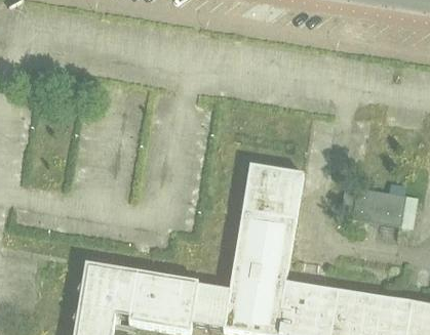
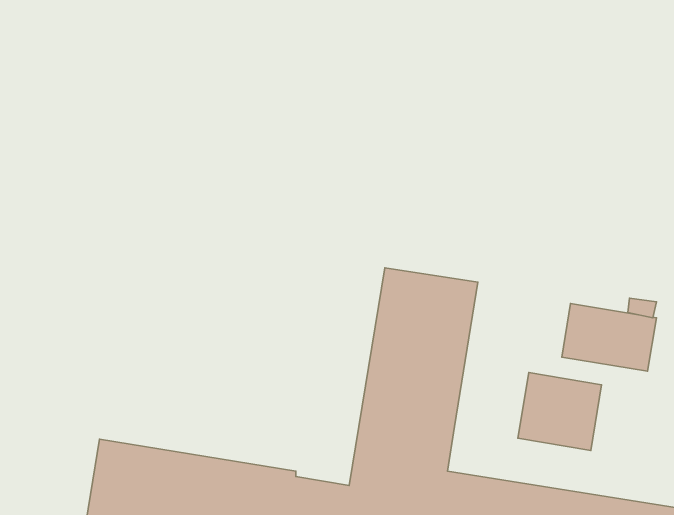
building: none -> [518,373,602,450]

